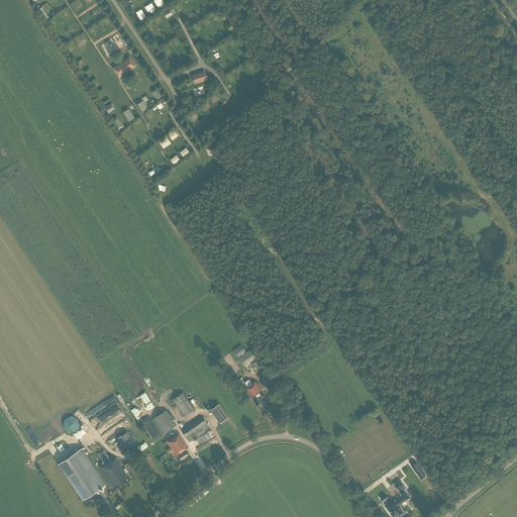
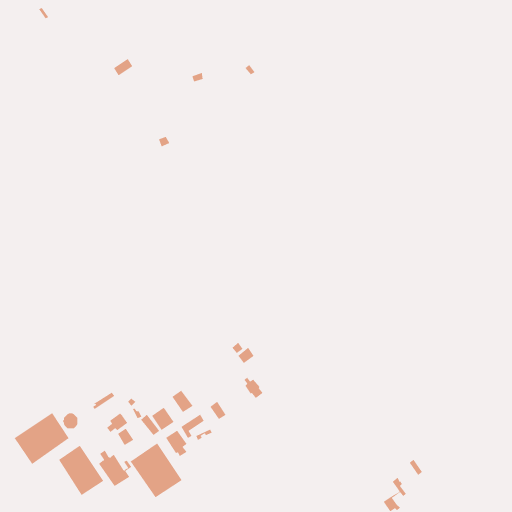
building: none -> [14,412,70,465]
building: none -> [130,443,183,498]

